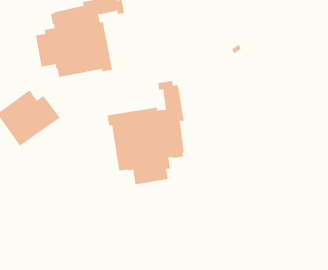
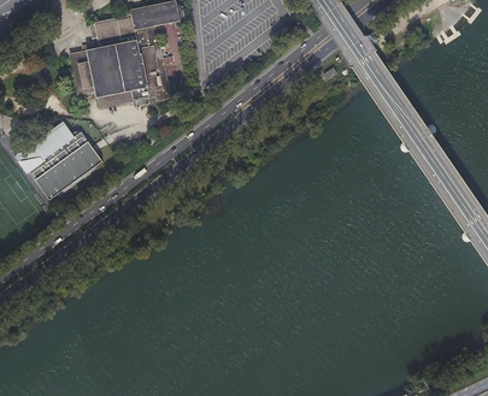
building: [107,80,184,185] -> none

